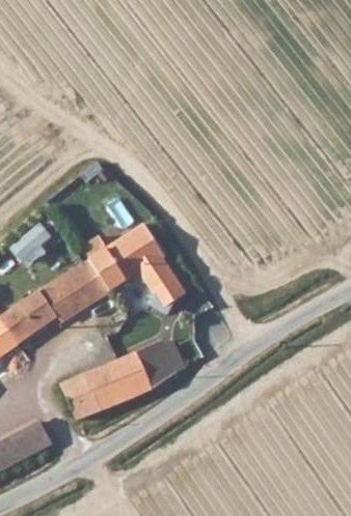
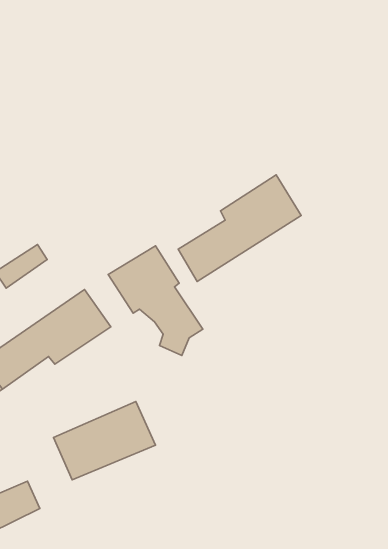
building: none -> [178,175,301,281]
building: [86,249,127,292] -> none
building: [129,342,174,391] -> none

